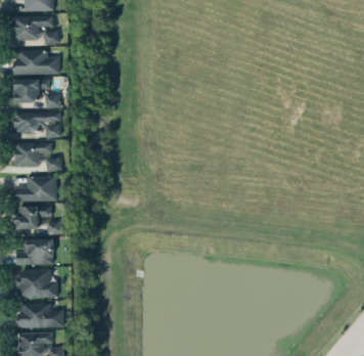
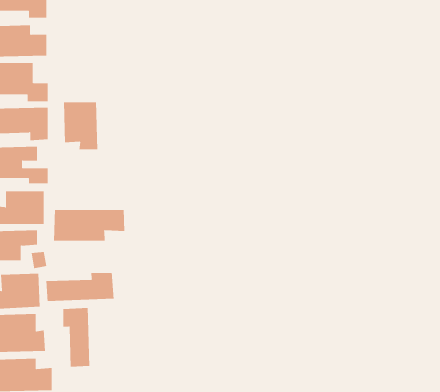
building: none -> [64,101,98,150]
building: none -> [54,209,125,241]
building: none -> [46,272,114,302]
building: none -> [63,307,90,368]

